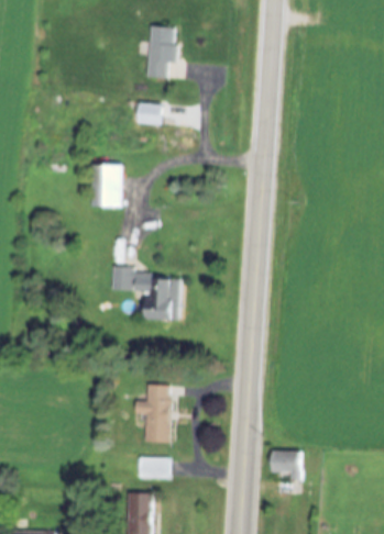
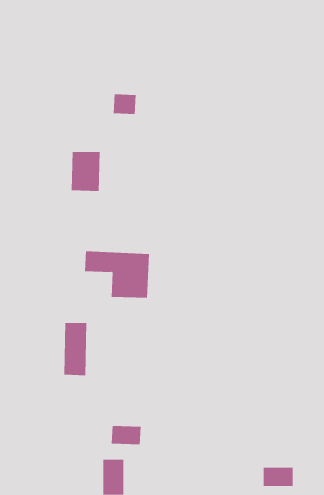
building: [145,27,174,79] -> none
building: [142,386,167,443] -> [64,322,87,376]
building: [265,452,298,472] -> [263,467,294,487]

